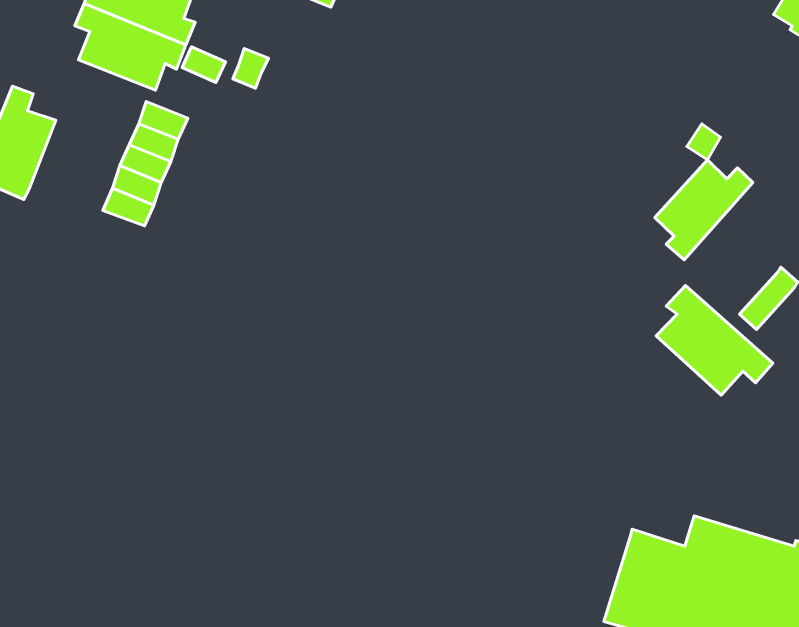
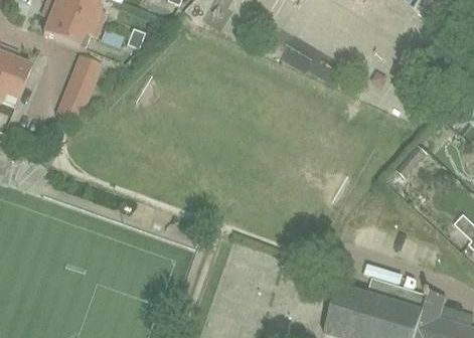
building: [655,160,753,260] -> none
building: [656,285,773,395] -> none

